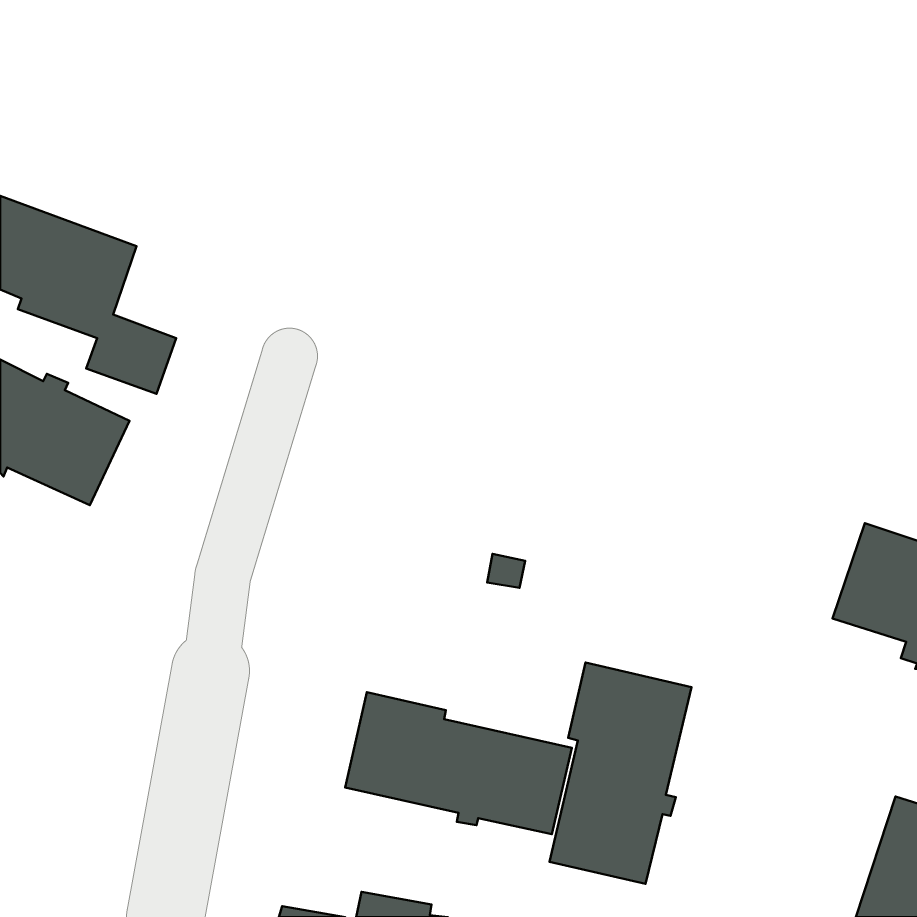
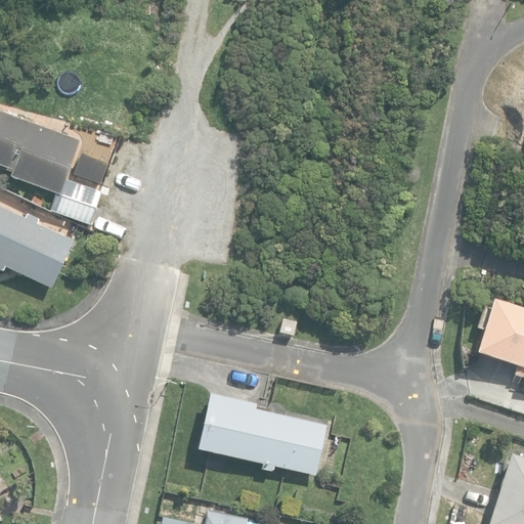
building: [550,663,691,884] -> none

